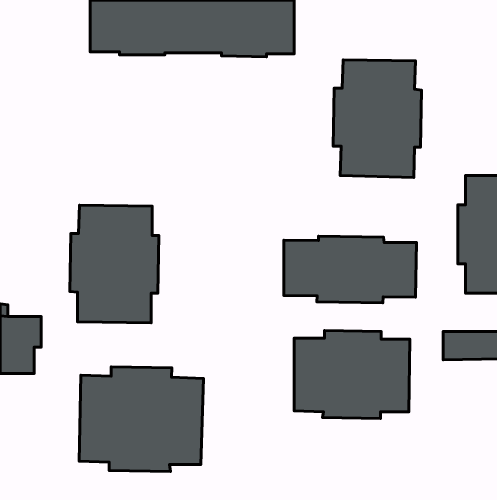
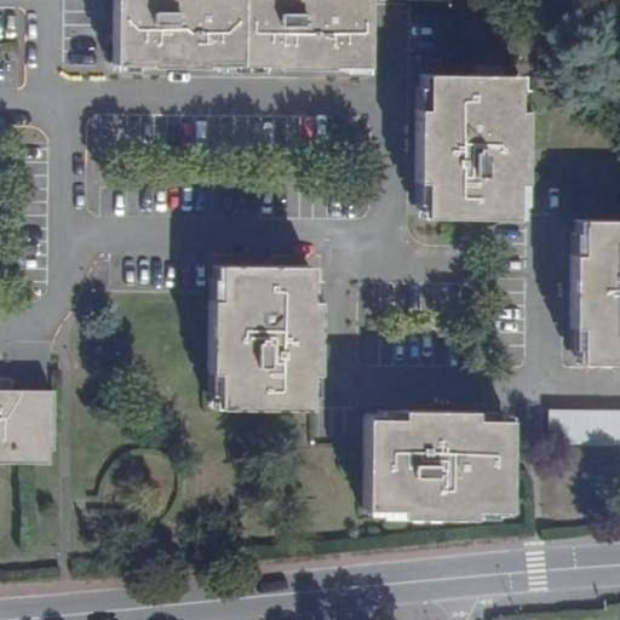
building: [70,205,159,323] -> [209,264,320,409]
building: [284,236,417,303] -> none
building: [79,367,204,471] -> none

